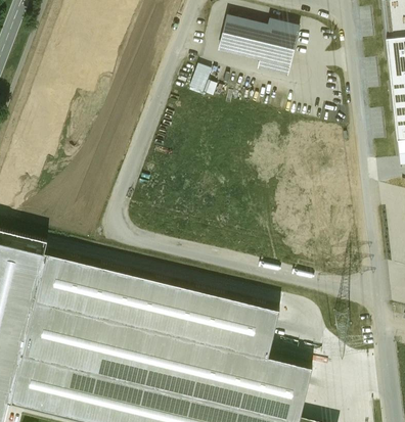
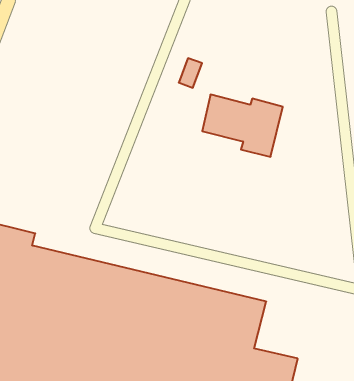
building: [220,17,301,80] -> [202,95,283,157]

